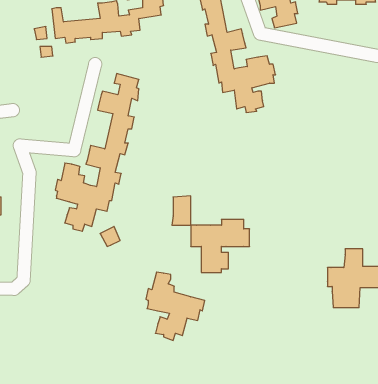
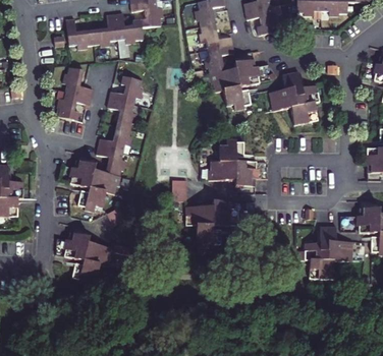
building: none -> [56,66,92,119]
building: none -> [269,70,319,123]
building: none -> [209,138,258,184]
building: [146,272,205,340] -> [63,224,114,283]

